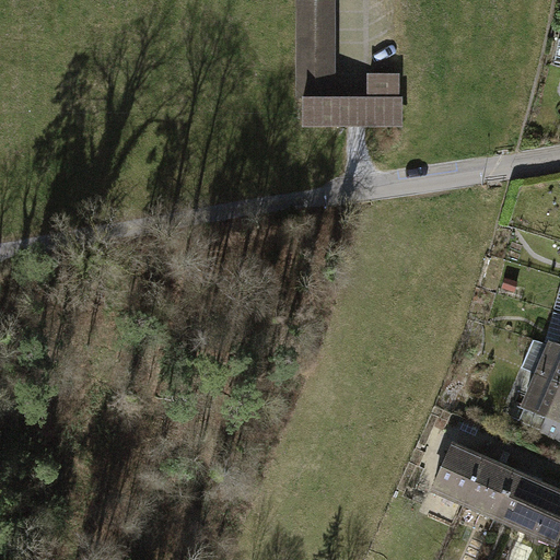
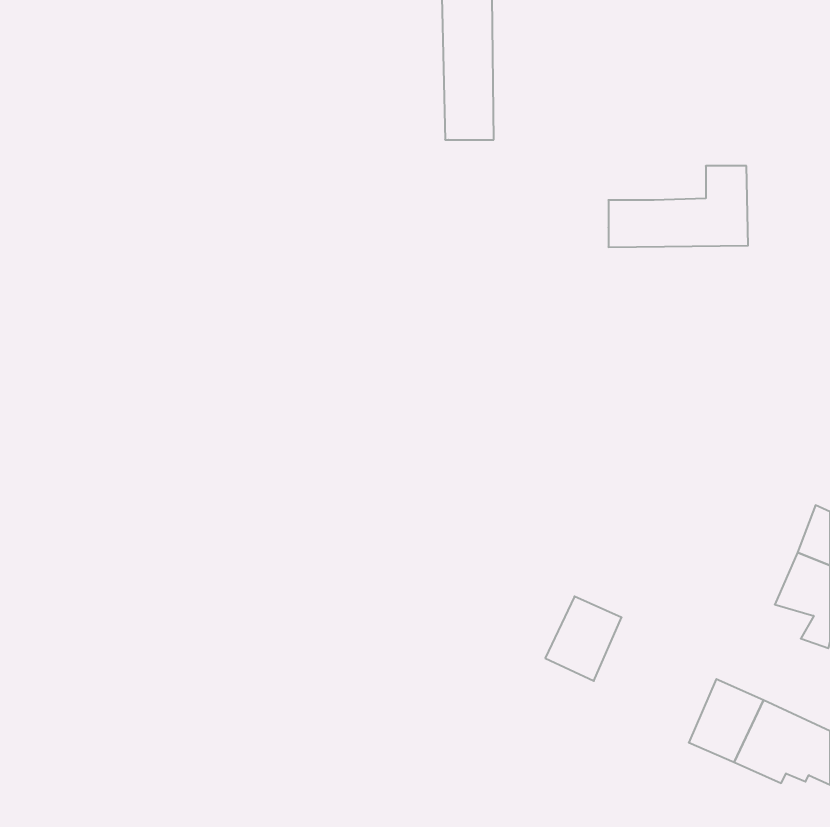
building: [302,71,396,126] -> [608,166,748,247]
building: [431,443,482,500] -> [545,596,622,681]

